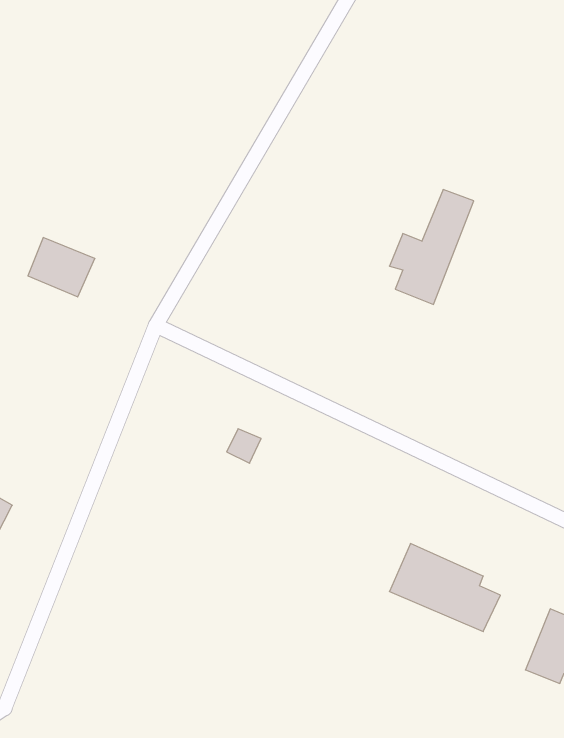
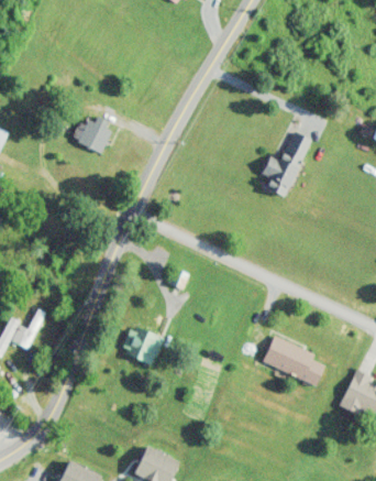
building: [28,238,95,297] -> [74,118,112,152]
building: none -> [120,324,163,364]

